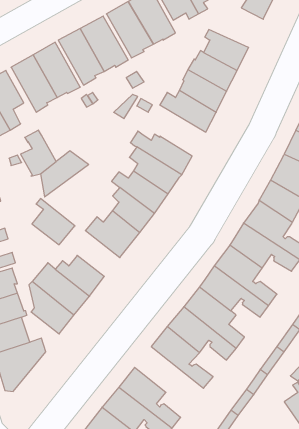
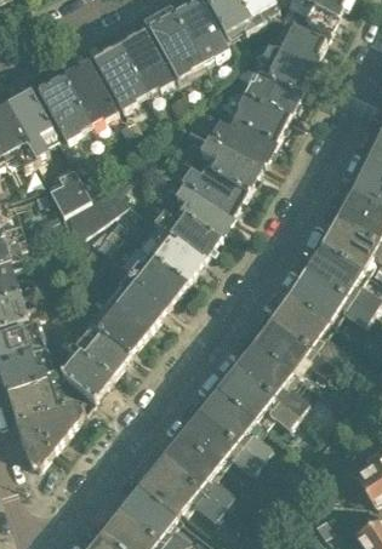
building: none -> [266,19,324,64]
building: none -> [199,135,260,190]
building: [32,199,75,245] -> [113,276,163,330]
building: none -> [179,411,260,473]

